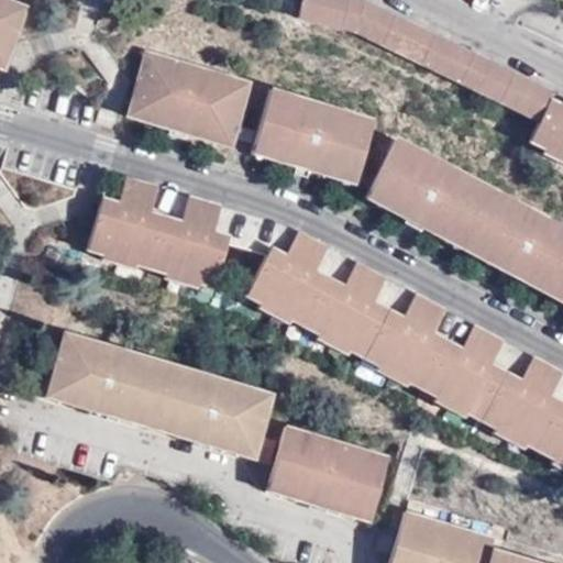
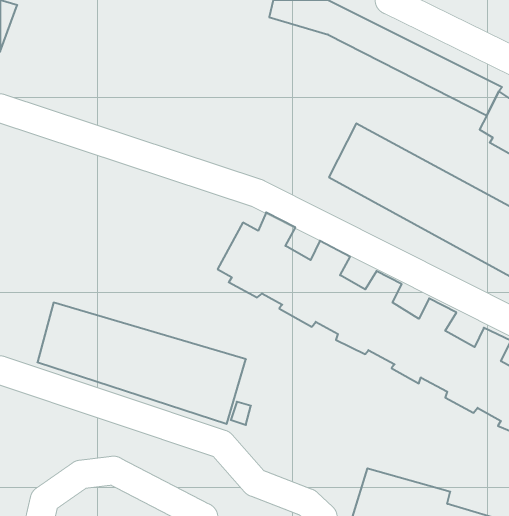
building: [126,51,251,147] -> none
building: [254,89,374,186] -> none
building: [88,179,232,289] -> none
building: [272,423,391,522] -> none

